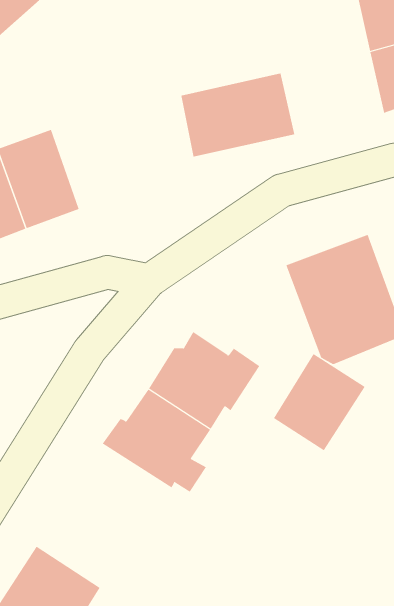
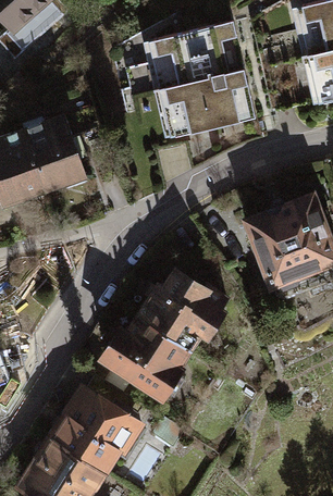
building: none -> [153,23,243,89]
building: [273,353,366,451] -> none
building: none -> [52,376,141,471]

